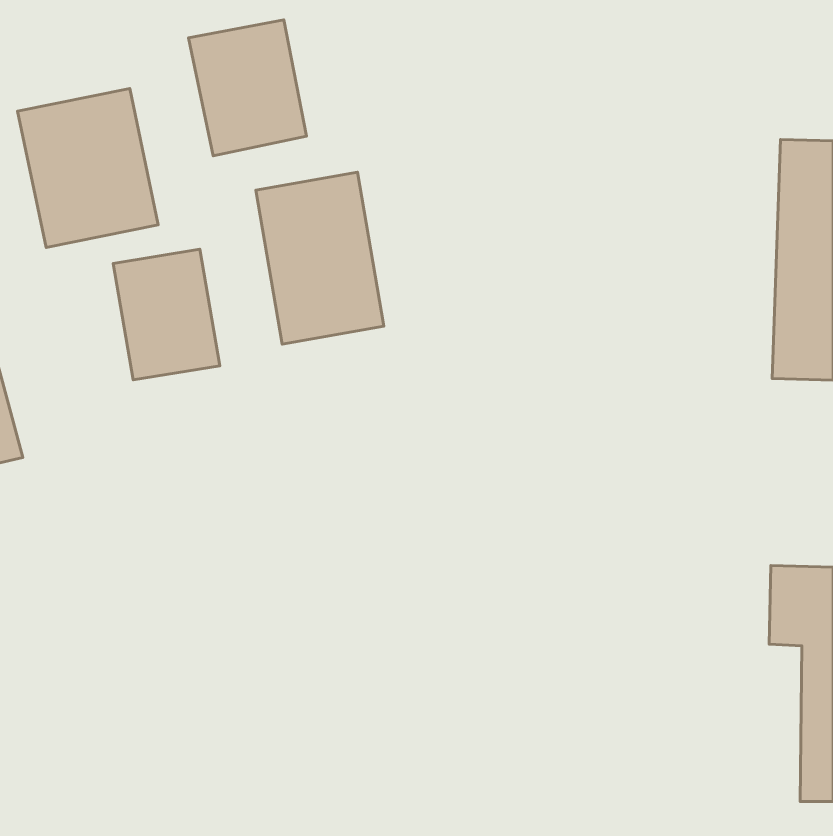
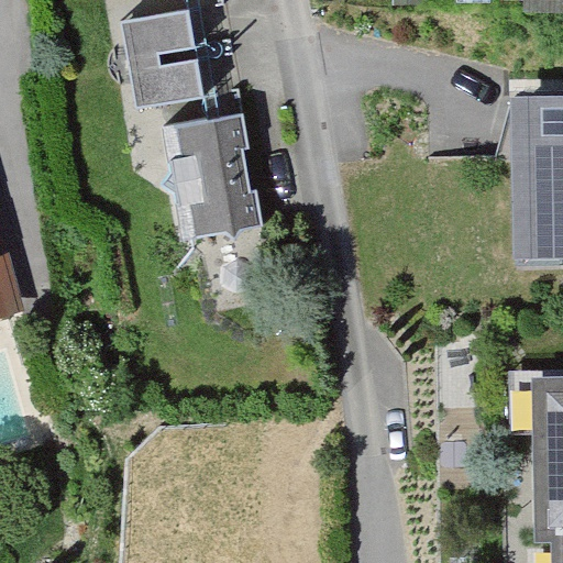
building: [18,89,158,248] -> none
building: [113,249,220,380] -> none

